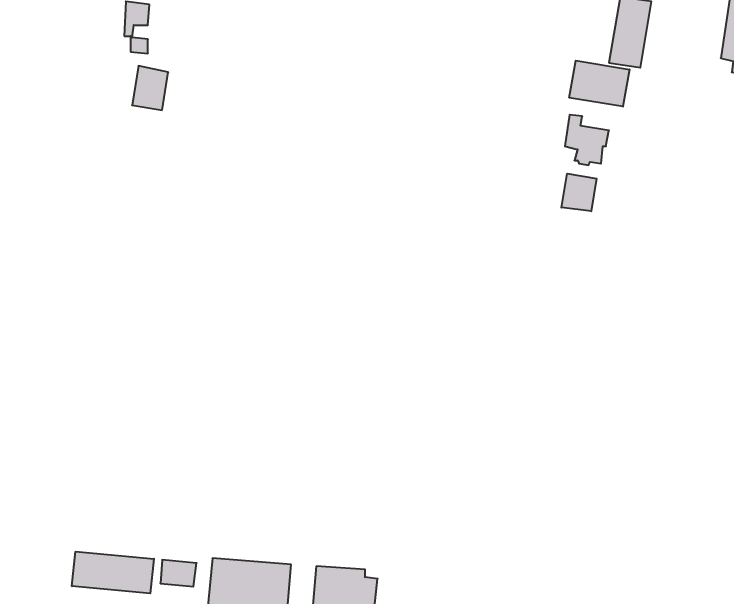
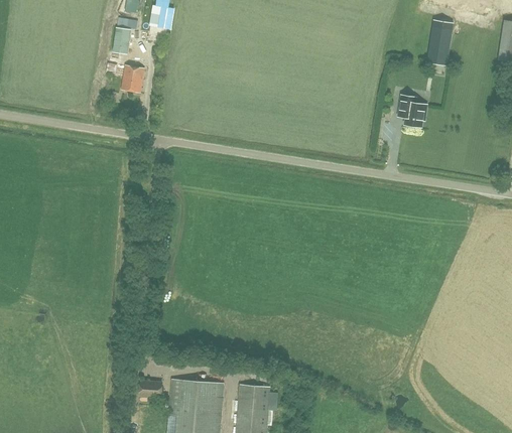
building: [569,61,630,107] -> none
building: [561,174,597,211] -> none
building: [72,552,154,593] -> none

